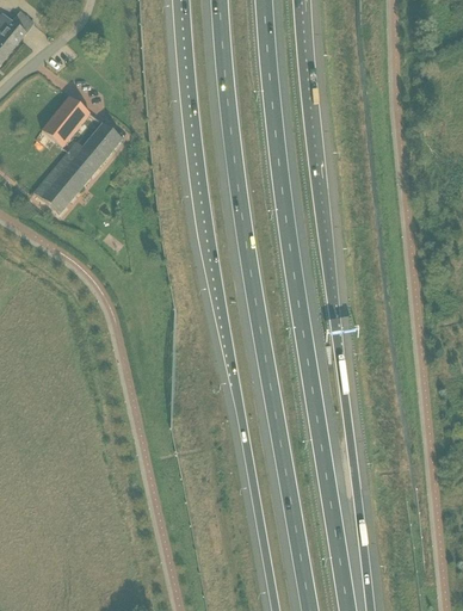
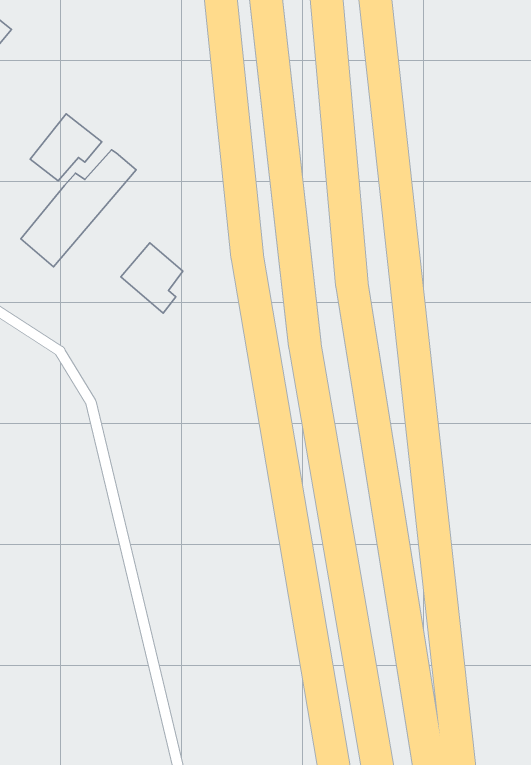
building: none -> [121,243,183,313]

